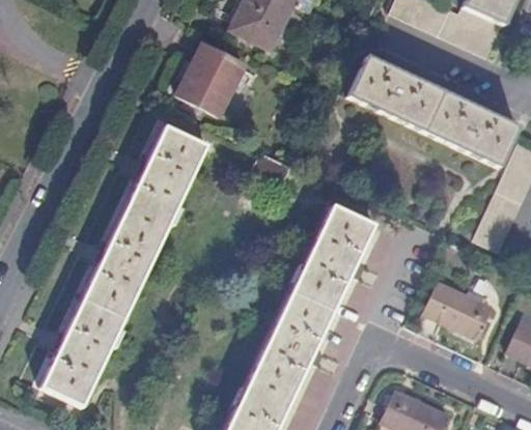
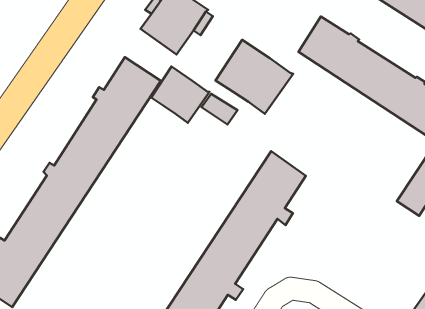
building: none -> [216,40,293,114]
building: none -> [151,67,209,123]
building: [424,283,492,339] -> none

